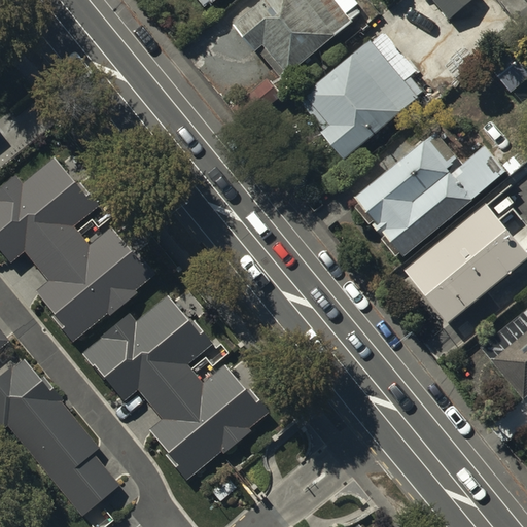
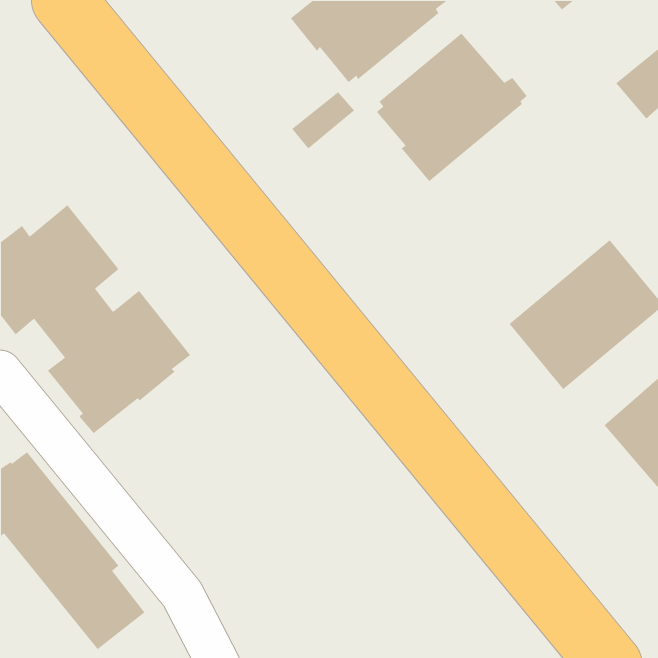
building: [358,127,507,249] -> none
building: [90,304,270,487] -> none

